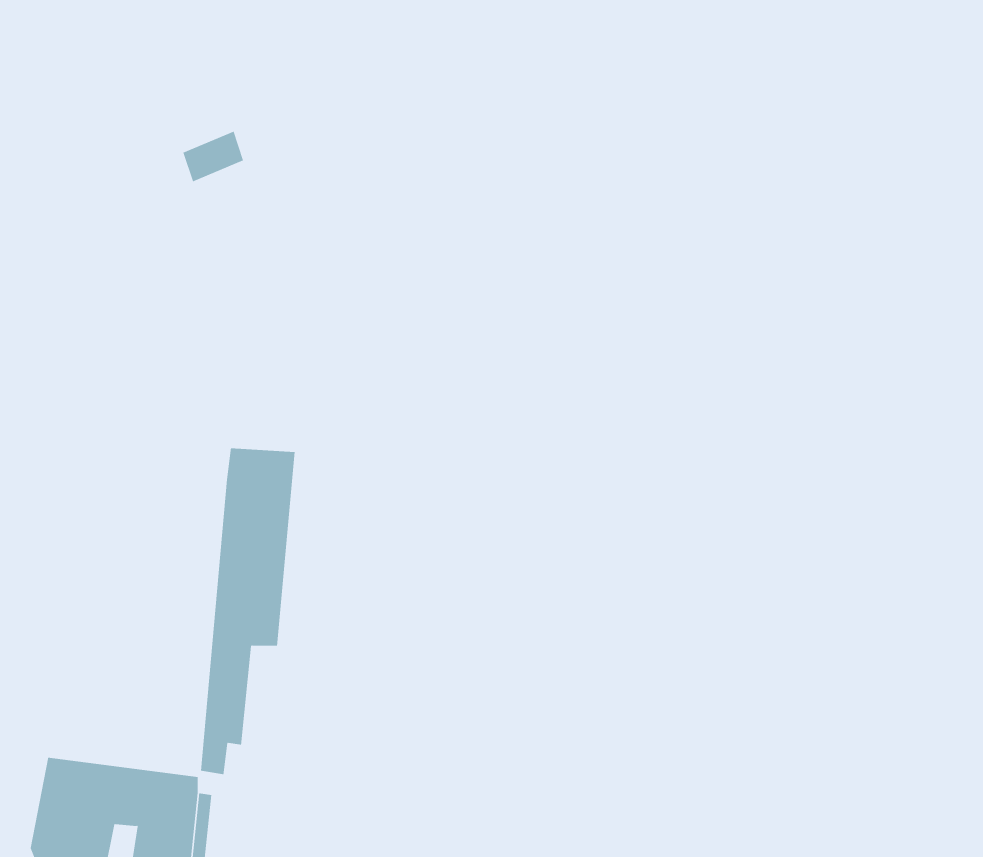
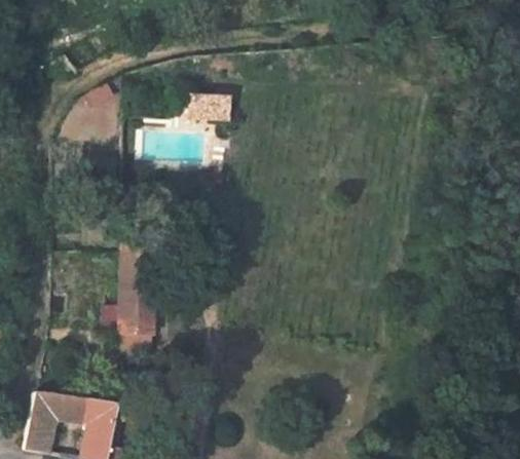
building: none -> [181,89,223,116]

